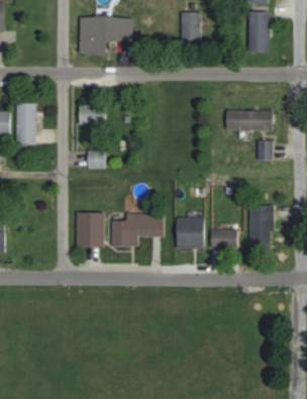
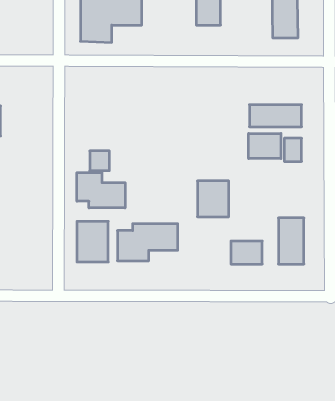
building: [16,103,35,144] -> none
building: [78,104,105,126] -> none
building: none -> [249,133,281,159]
building: none -> [77,173,125,208]
building: [177,217,204,248] -> [197,181,229,217]

